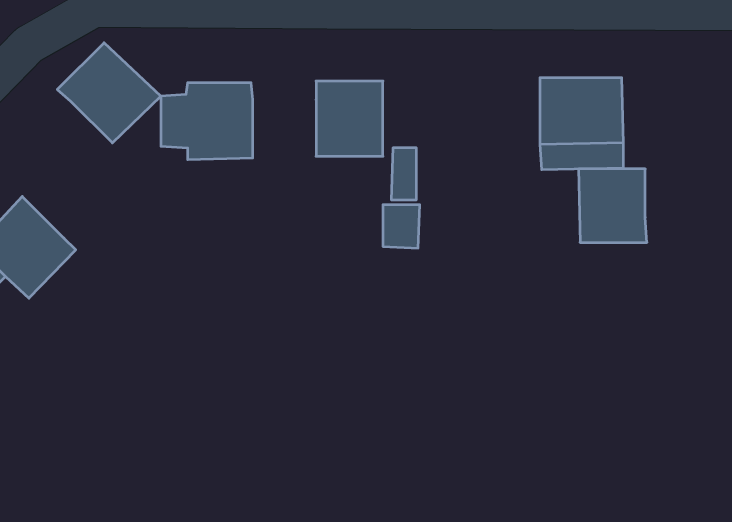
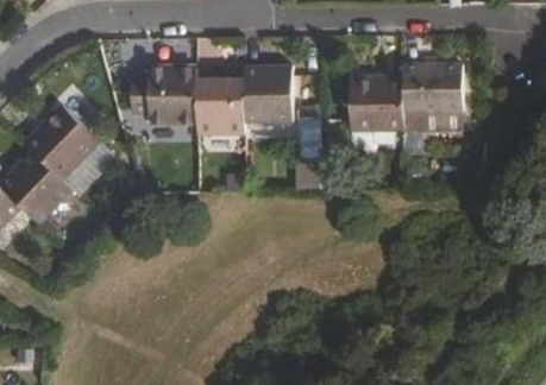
building: [57,43,161,143] -> [24,108,98,179]
building: none -> [197,81,243,133]
building: [578,169,647,242] -> [354,78,403,131]

